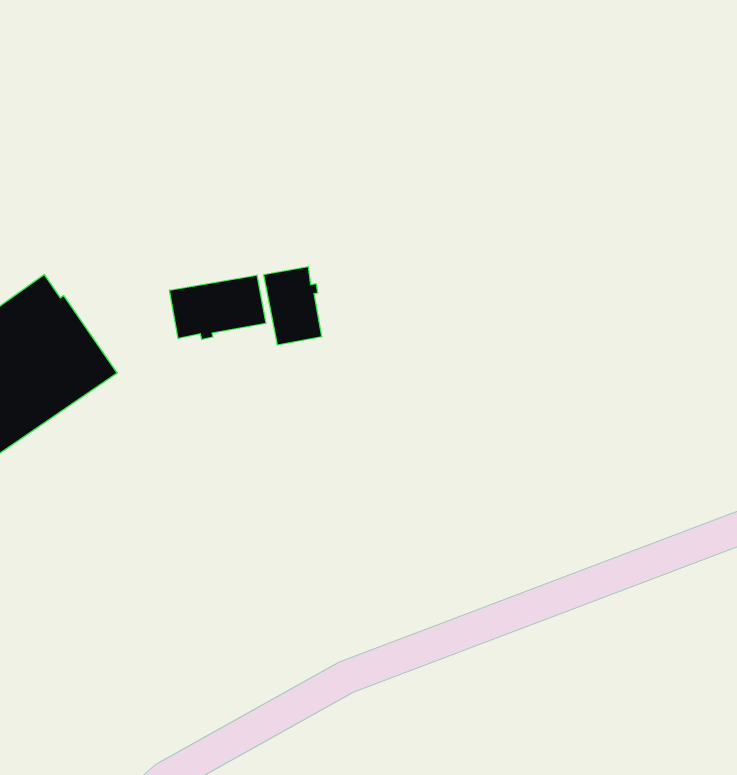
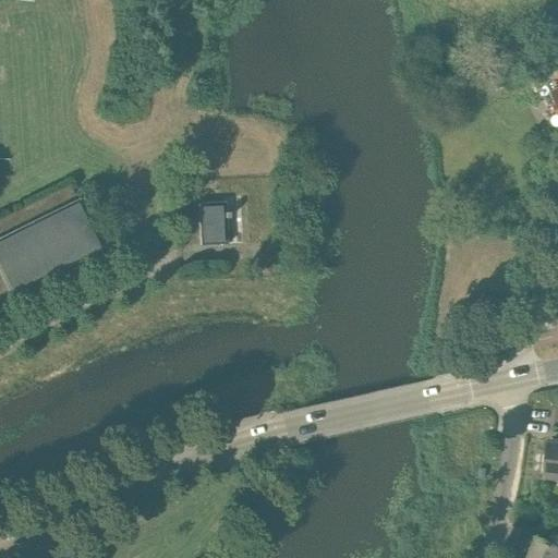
building: [169,275,266,340] -> none

